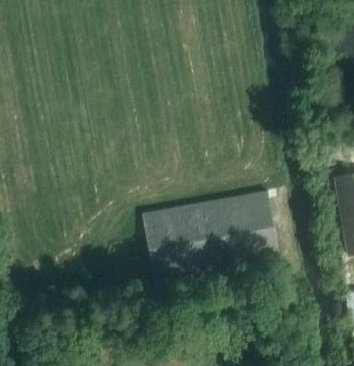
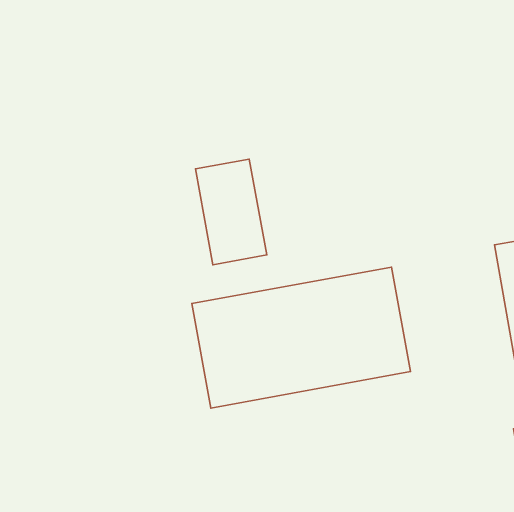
building: none -> [195,159,267,265]

